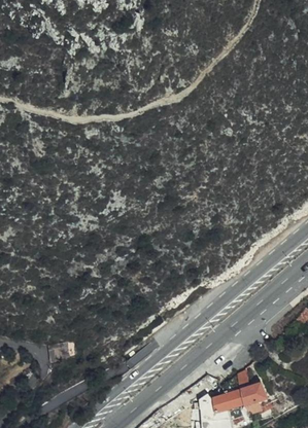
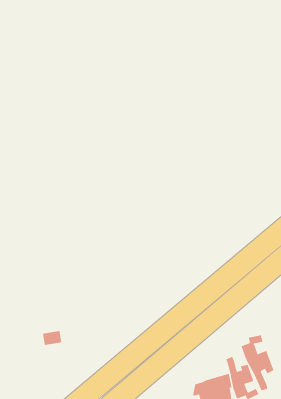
building: none -> [241,334,274,391]

